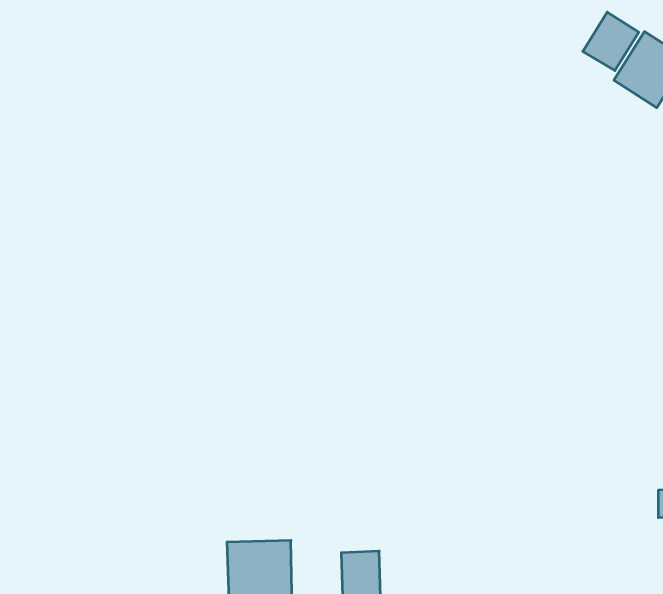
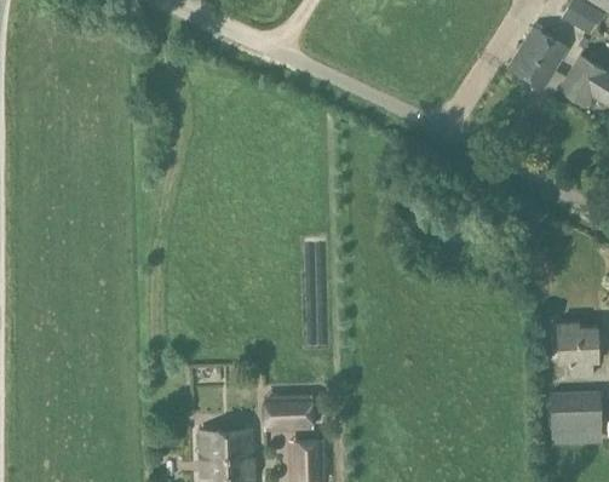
building: [583,12,639,71] -> none
building: none -> [265,398,312,430]

